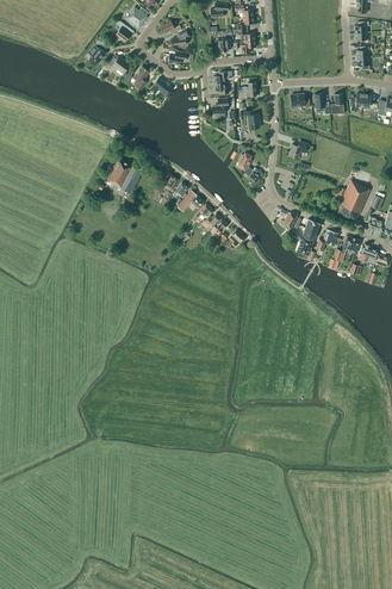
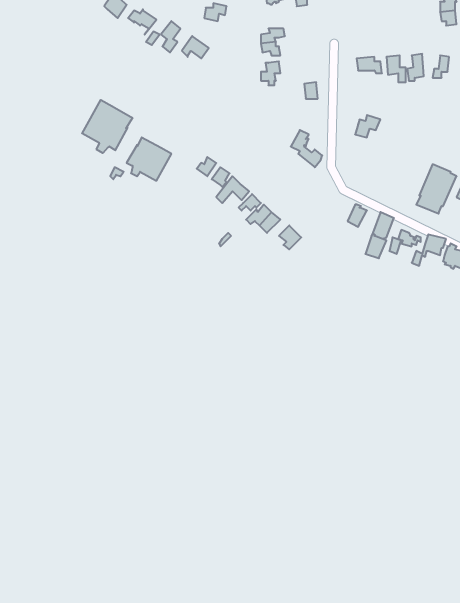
building: none -> [82,100,132,153]

